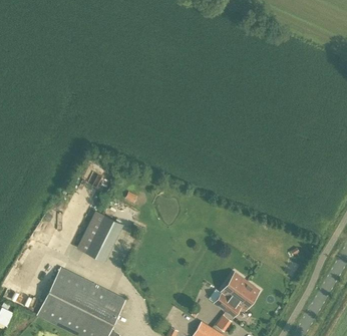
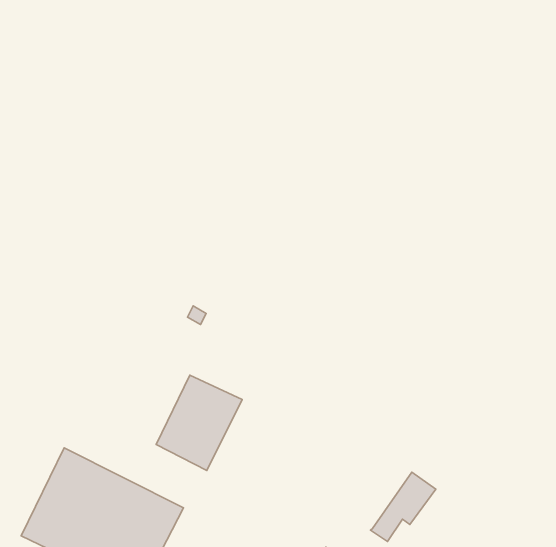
building: [77,211,123,262] -> [156,375,242,471]
building: [220,272,247,312] -> none

